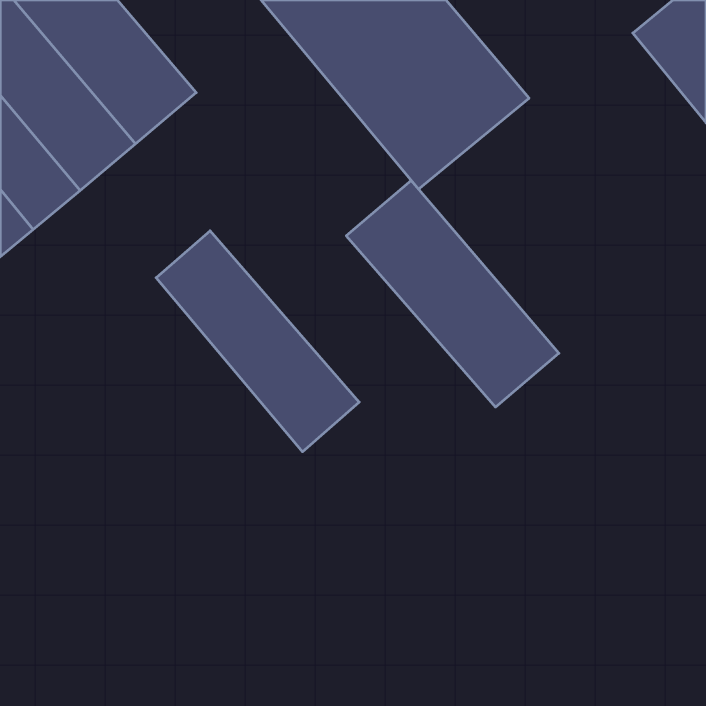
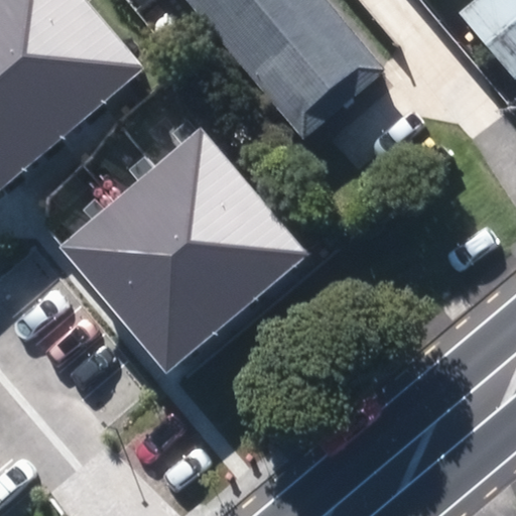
building: [346,181,559,407] -> [153,128,308,293]
building: none -> [60,203,221,374]

